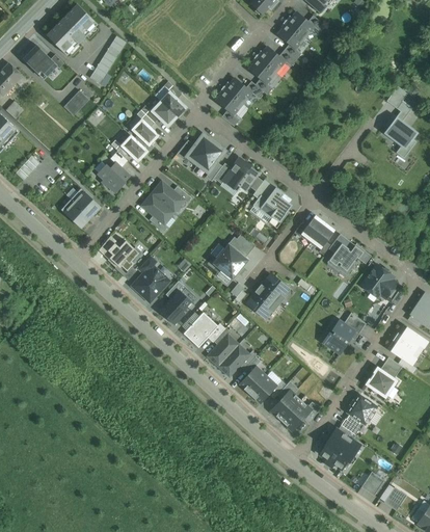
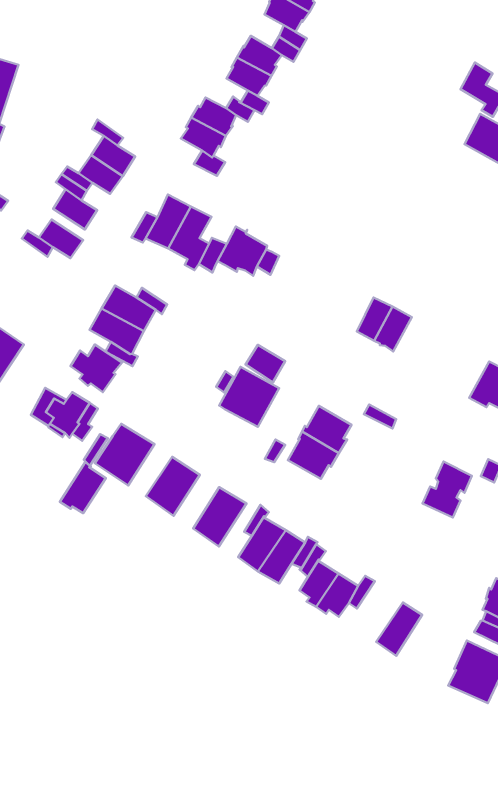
building: [99,163,130,192] -> [70,345,122,392]
building: [266,187,292,222] -> none
building: [328,244,364,274] -> none
building: none -> [60,462,106,513]
building: [270,390,301,421] -> none

